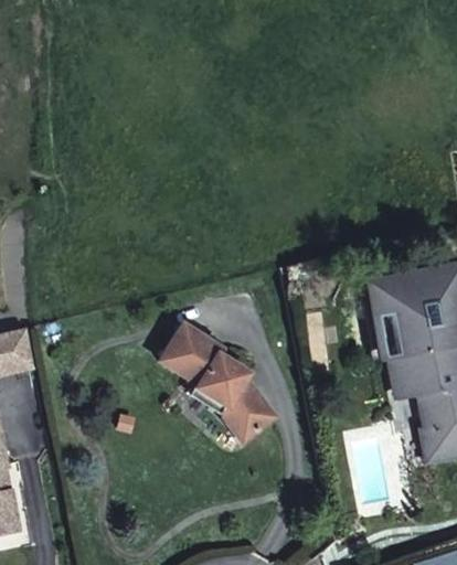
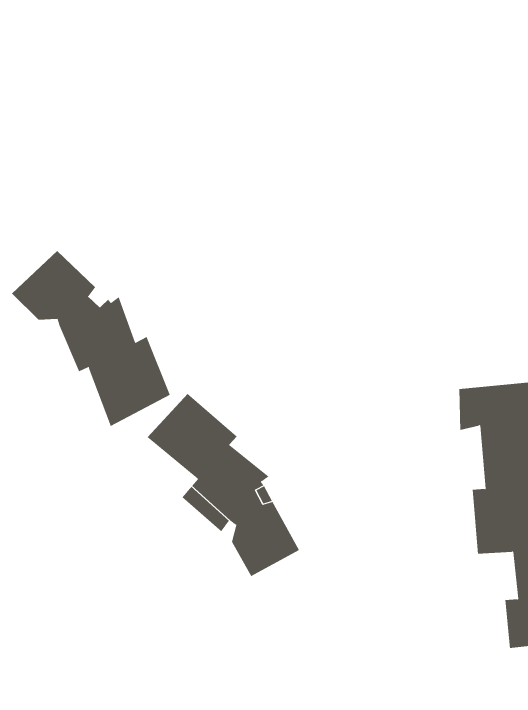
building: none -> [11,250,171,427]

